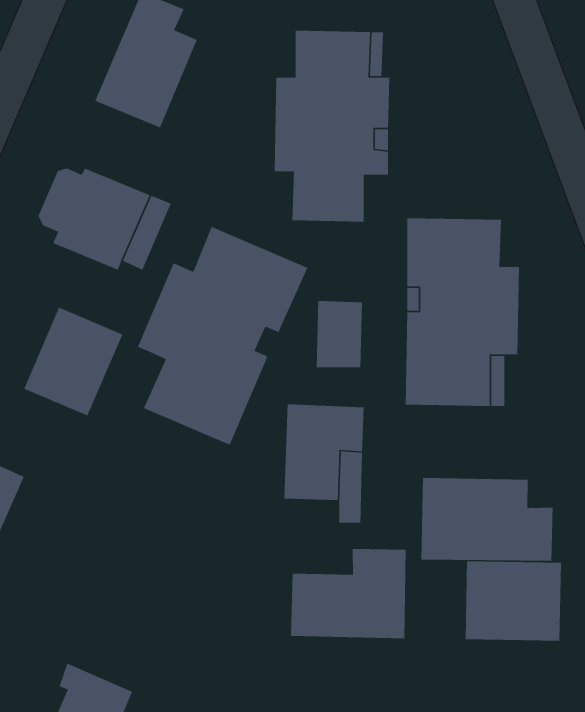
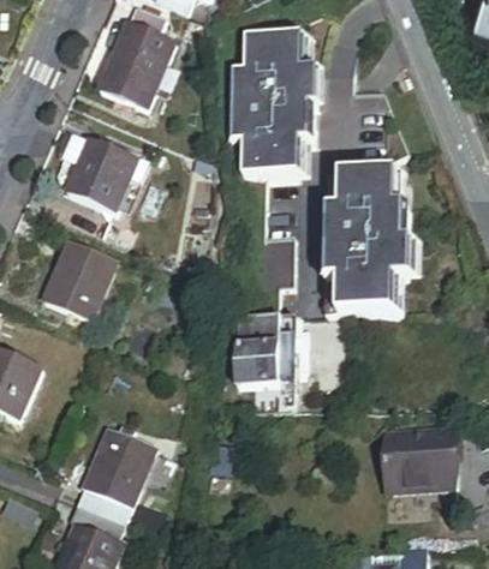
building: [137,226,308,446] -> none
building: [421,477,554,561] -> none
building: [290,548,407,639] -> none
building: none -> [76,429,157,527]

